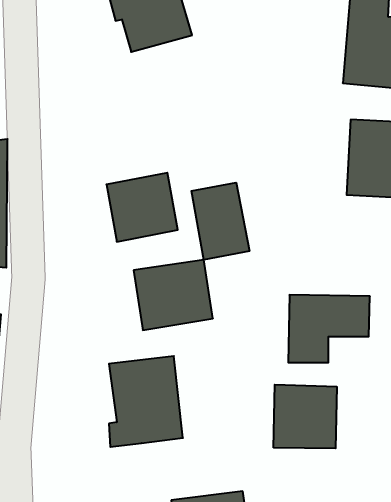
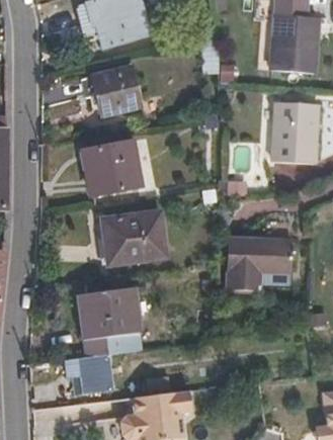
building: none -> [91,65,141,112]
building: [191,183,249,260] -> none
building: [274,385,337,448] -> none
building: none -> [83,353,116,392]

